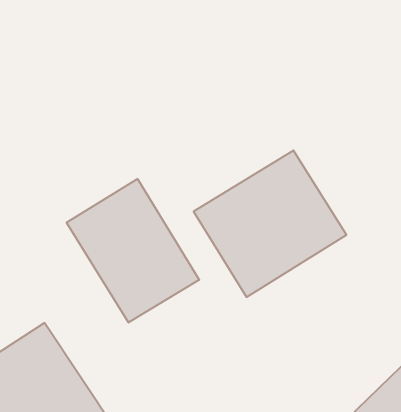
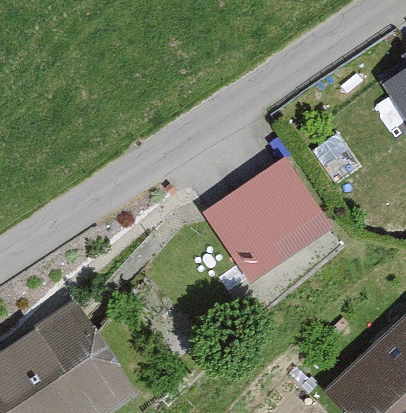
building: [67,179,199,323] -> none

